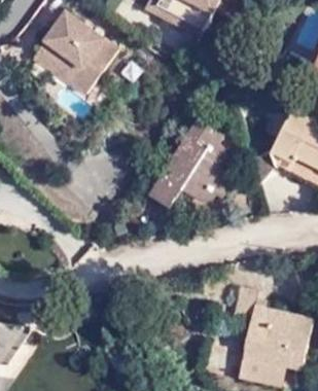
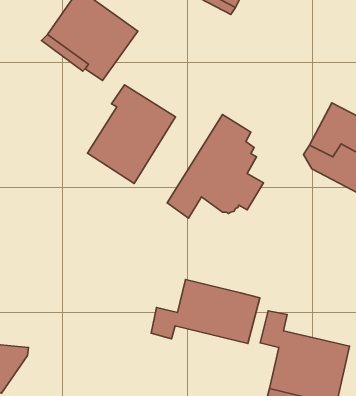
building: none -> [88,85,175,183]
building: none -> [151,280,260,344]

